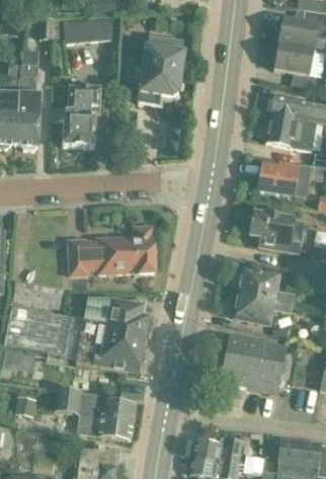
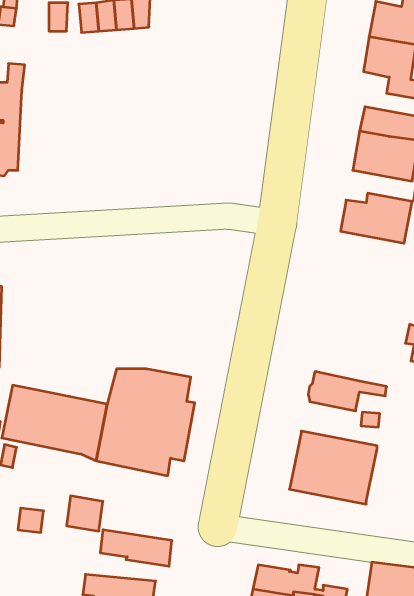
building: [133,46,183,103] -> none
building: [16,47,40,148] -> none
building: [57,82,101,145] -> none
building: [250,211,301,252] -> none
building: [69,226,154,274] -> none
building: [239,268,296,305] -> none
building: [80,395,135,420] -> none

